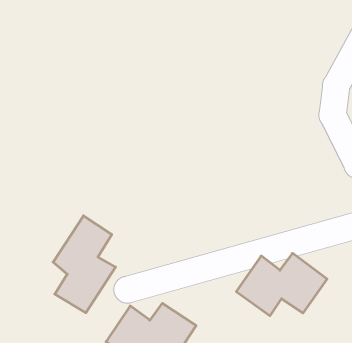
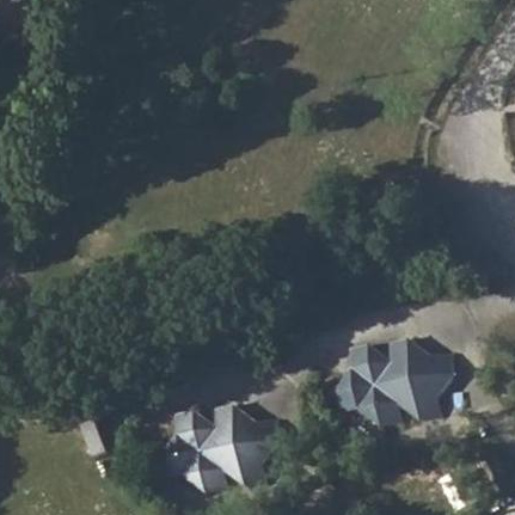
building: [53,216,116,313] -> none

